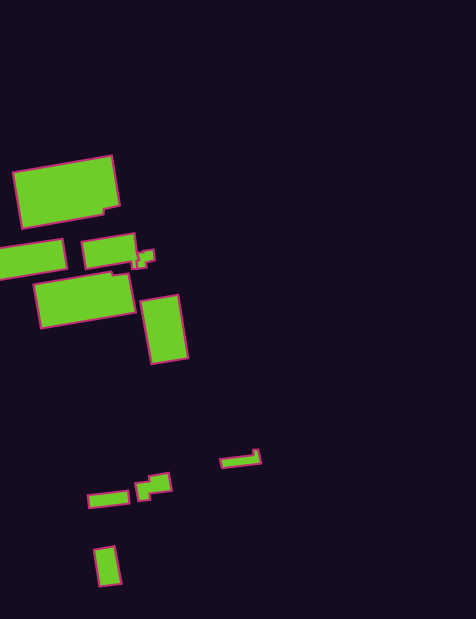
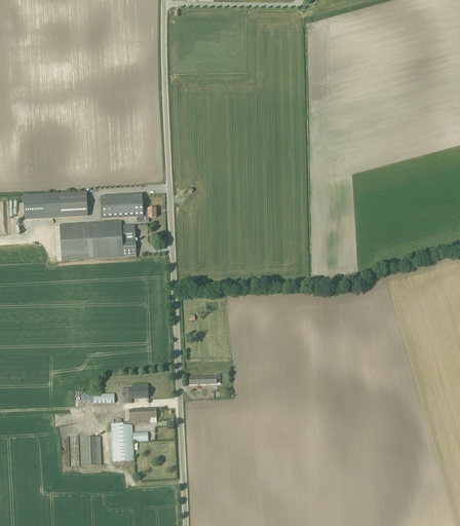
building: [13,156,120,229] -> none
building: [140,295,188,364] -> none
building: none -> [111,407,156,459]

